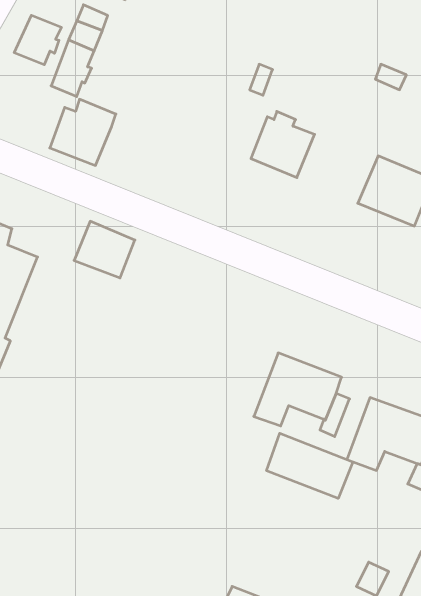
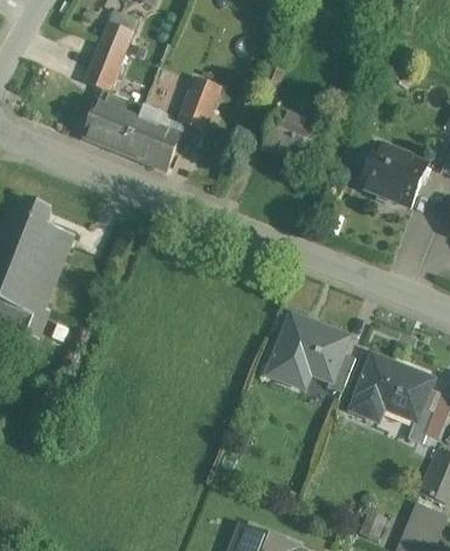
building: [14,15,61,65] -> none
building: none -> [183,80,217,126]
building: [74,221,135,278] -> [125,116,179,167]
building: [267,433,353,498] -> none

